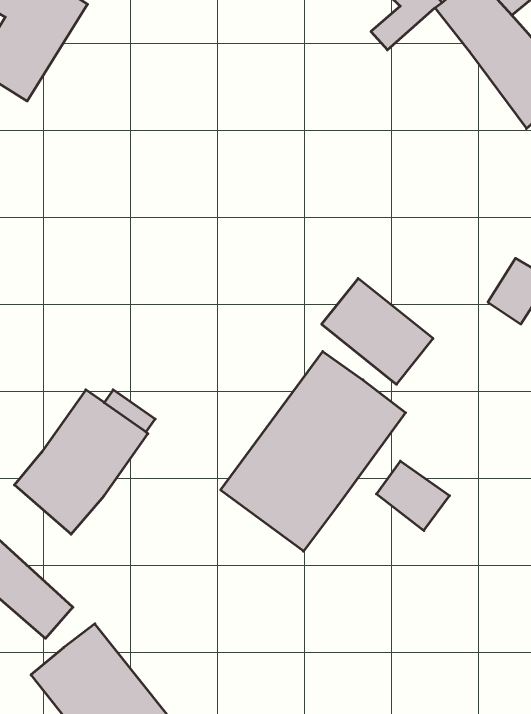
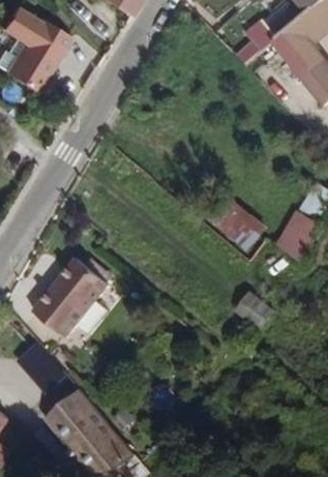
building: none -> [275,208,317,255]
building: [221,351,406,551] -> none

